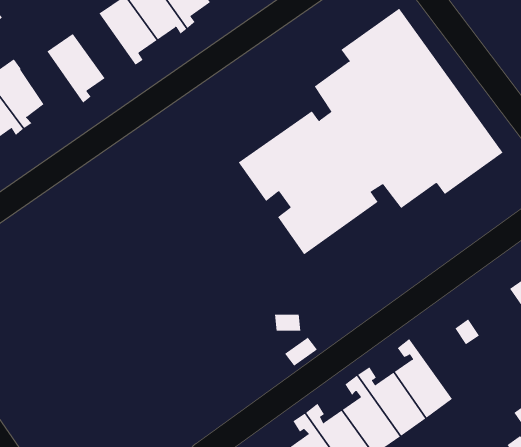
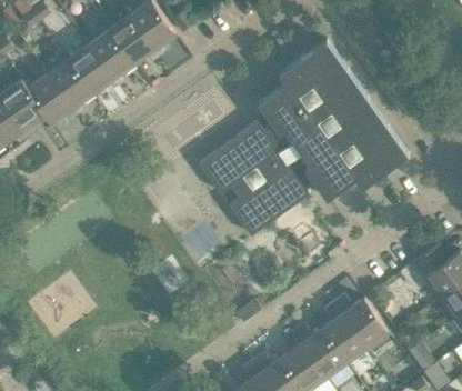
building: none -> [68,44,117,96]
building: none -> [27,74,76,126]
building: none -> [333,293,389,349]

